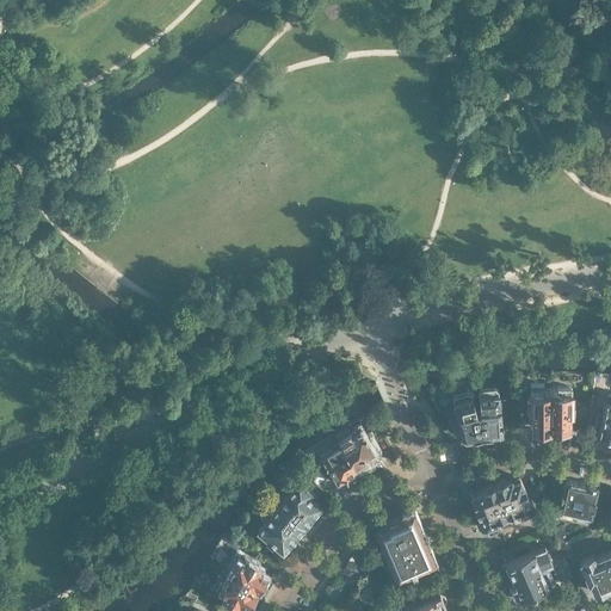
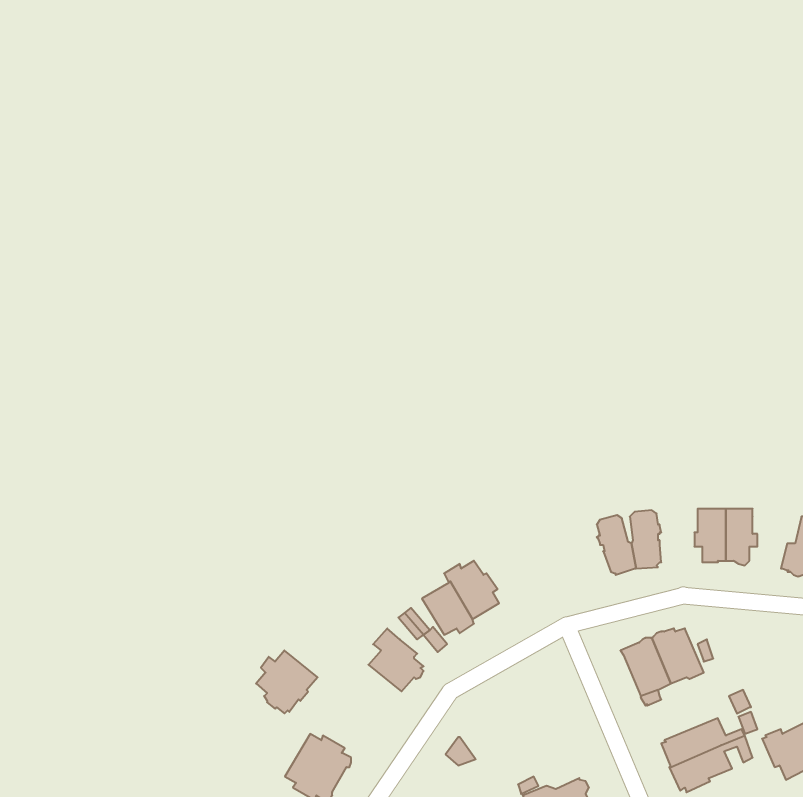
building: [560,485,598,525] -> none
building: [259,510,306,557] -> [256,650,318,713]
building: [377,516,436,586] -> none

